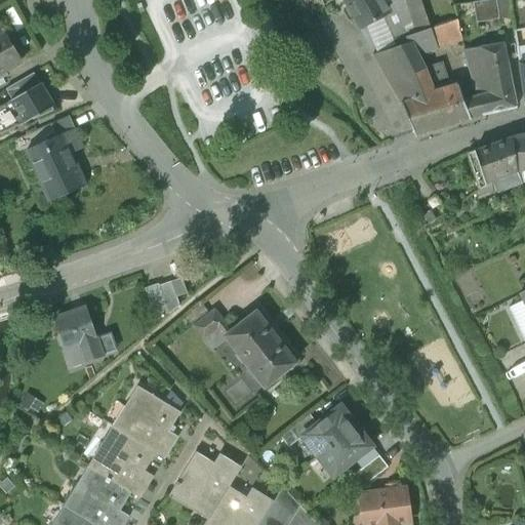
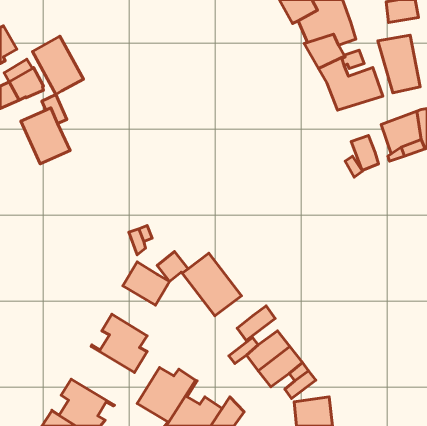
building: [431,18,461,48] -> none
building: none -> [33,36,83,94]
building: none -> [351,135,378,170]
building: [56,309,99,360] -> none
building: none -> [123,262,170,305]
building: none -> [237,306,275,341]
building: [87,426,165,497] -> none

